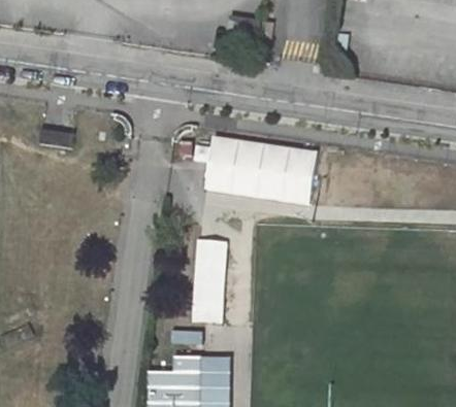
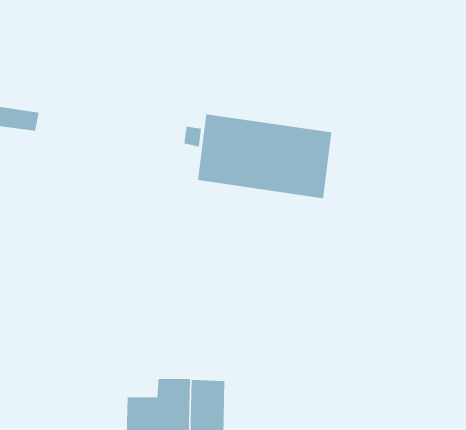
building: [193,238,225,321] -> none

